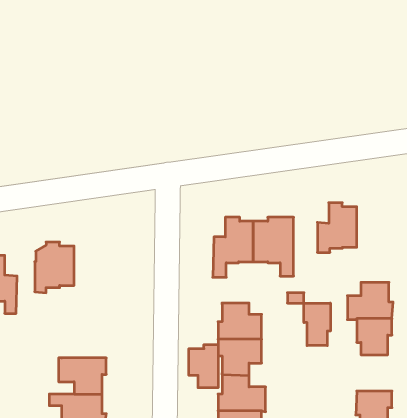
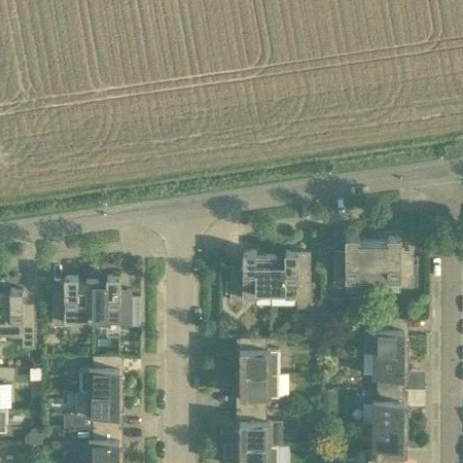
building: none -> [371,239,412,288]
building: none -> [91,278,131,327]
building: [304,303,330,346] -> none
building: none -> [78,357,122,393]
building: [189,345,218,388] -> none
building: none -> [371,390,406,426]

